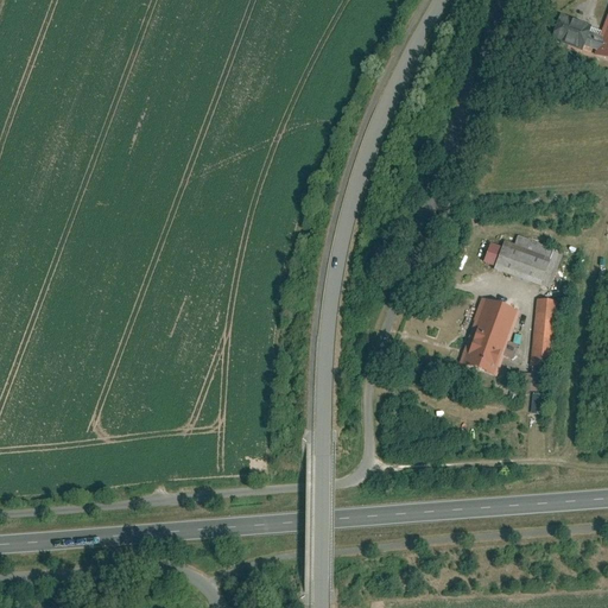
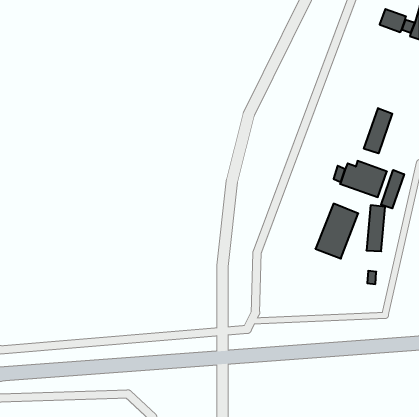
building: none -> [364,108,392,153]
building: none -> [381,170,404,208]

